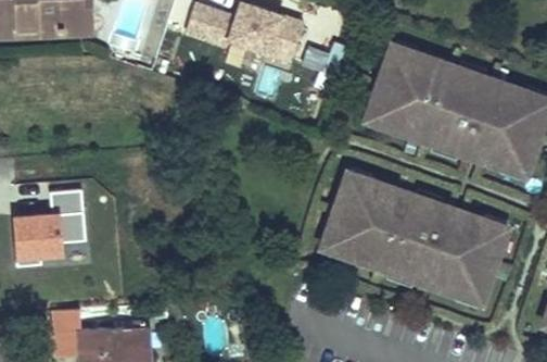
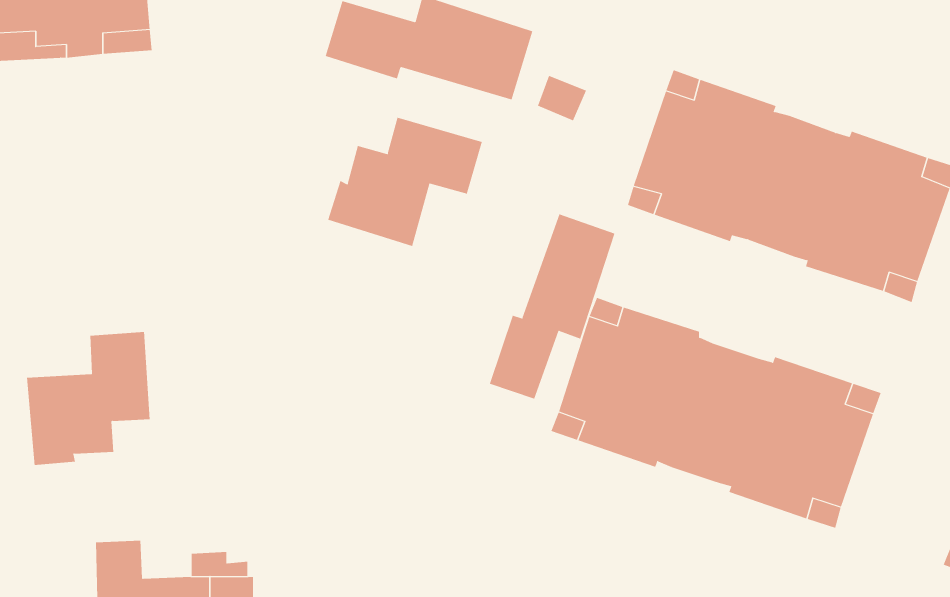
building: none -> [328,117,483,247]
building: none -> [489,214,615,400]

